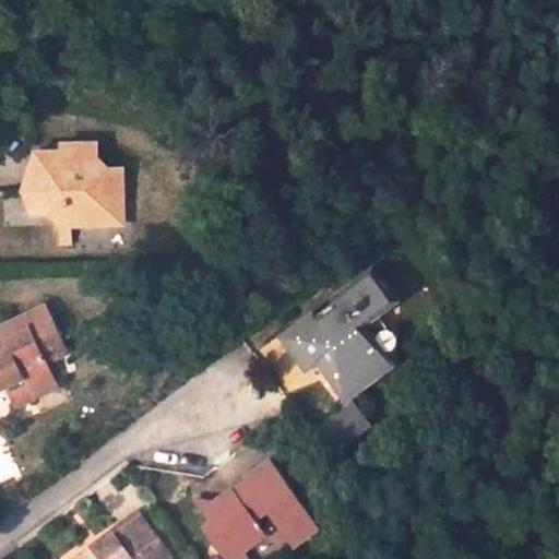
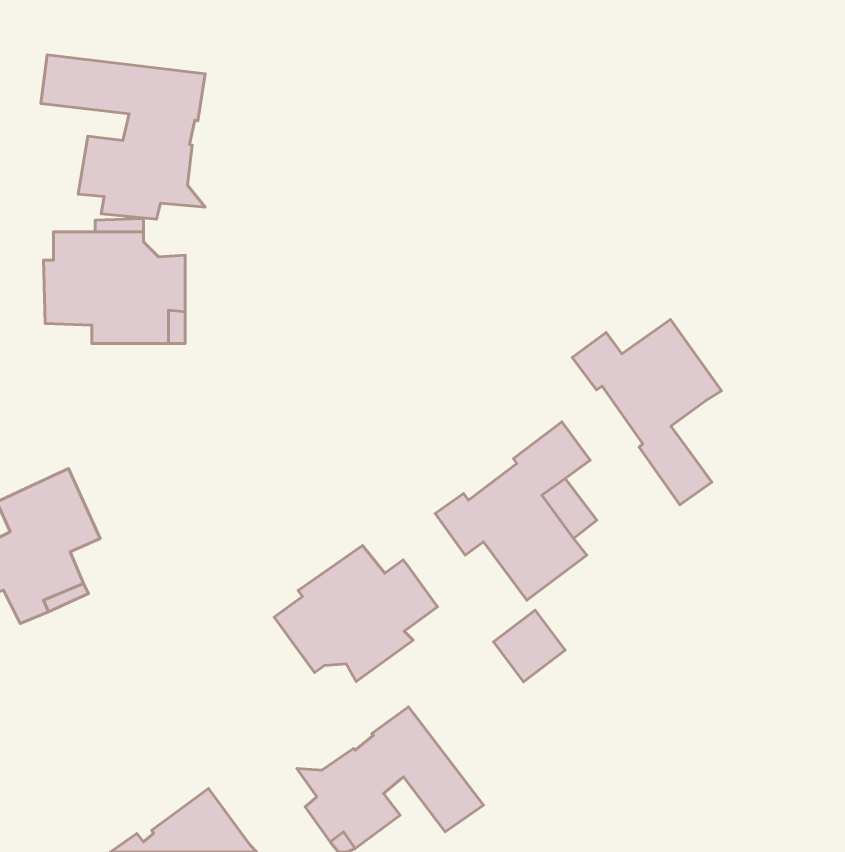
building: none -> [41,55,205,219]
building: none -> [572,320,721,505]
building: none -> [274,545,437,681]

